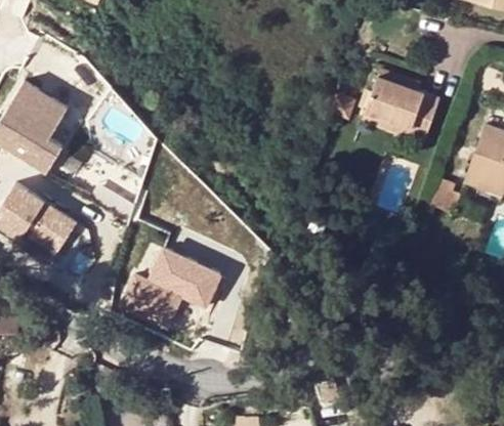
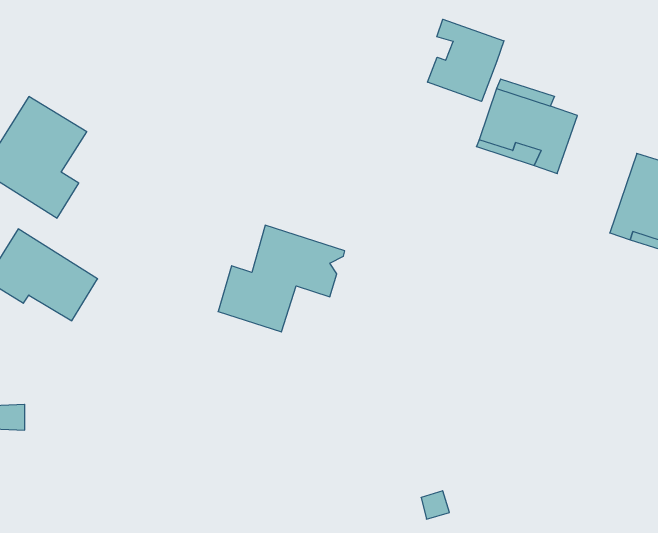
building: none -> [428,19,504,101]
building: [124,254,220,335] -> [218,225,345,332]

